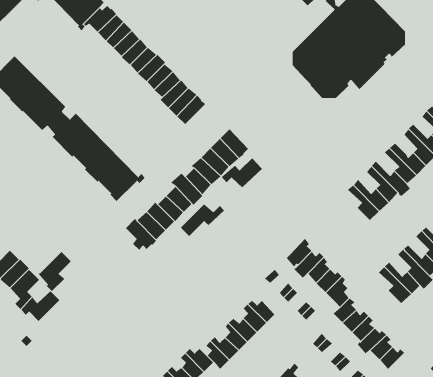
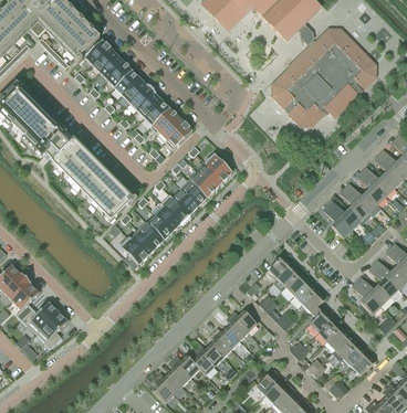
building: [221,158,263,188] -> none
building: [180,204,225,237] -> none
building: [38,251,71,292] -> [35,311,66,349]

